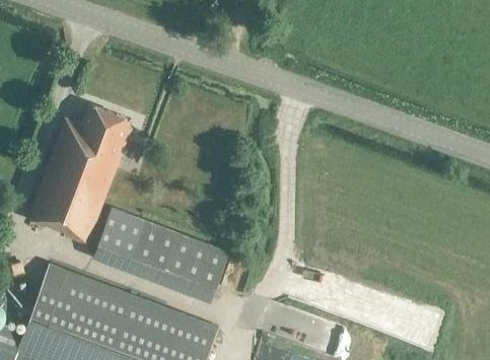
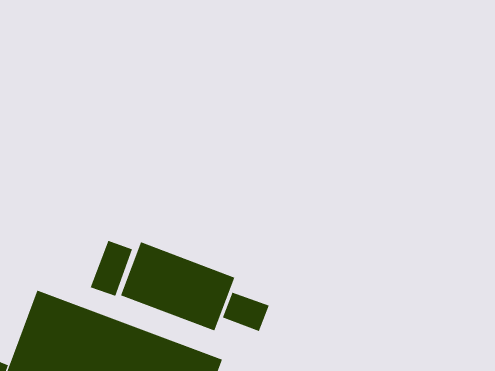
building: [29,103,131,244] -> none
building: none -> [222,292,270,332]

